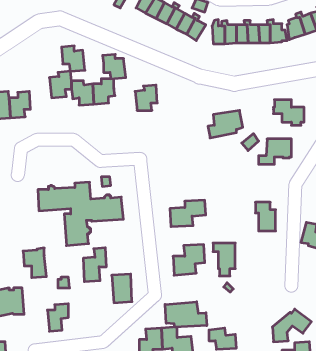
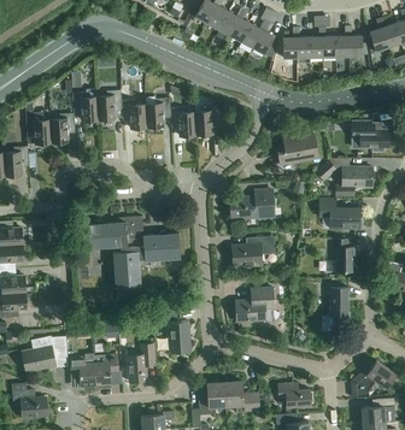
building: [62,46,85,71] -> [72,92,99,120]
building: [103,54,126,79] -> [170,107,196,135]
building: none -> [230,189,274,218]
building: none -> [319,199,359,228]
building: [213,243,235,276] -> [323,287,348,324]
building: [83,248,106,282] -> [128,343,154,382]
building: [23,248,46,278] -> [70,353,96,387]
building: [165,302,207,327] -> none

